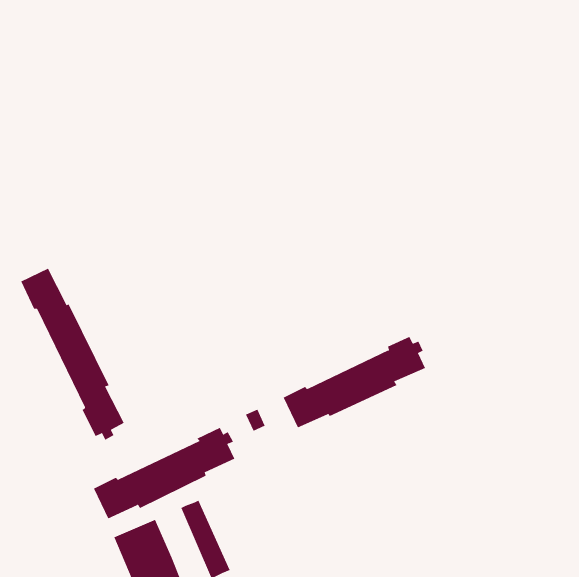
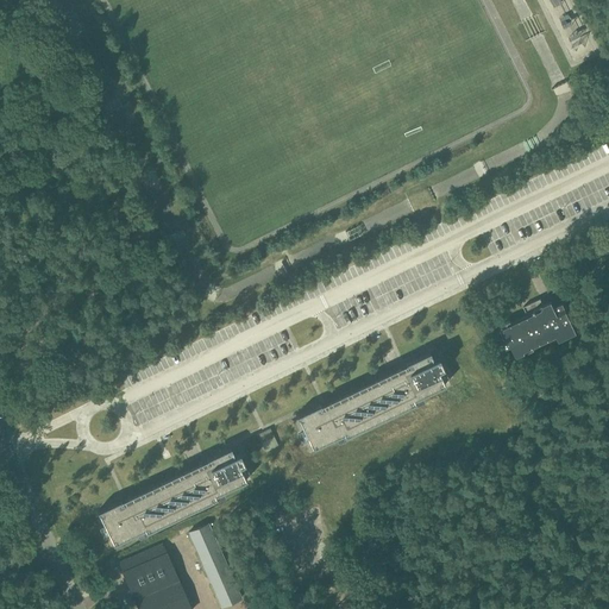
building: [21,268,125,440] -> none
building: none -> [501,302,578,360]

